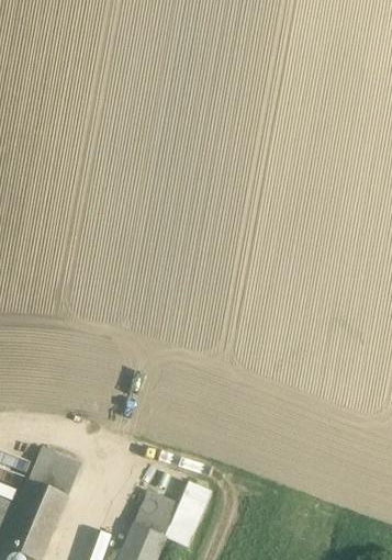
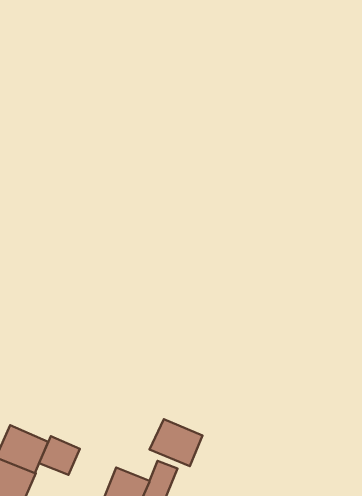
building: none -> [149,419,202,466]
building: none -> [39,436,80,475]

